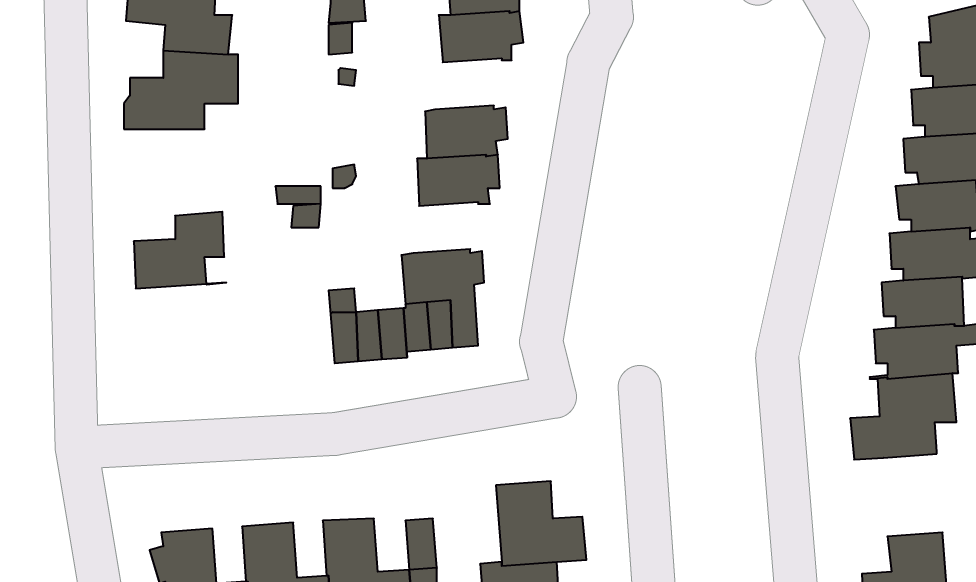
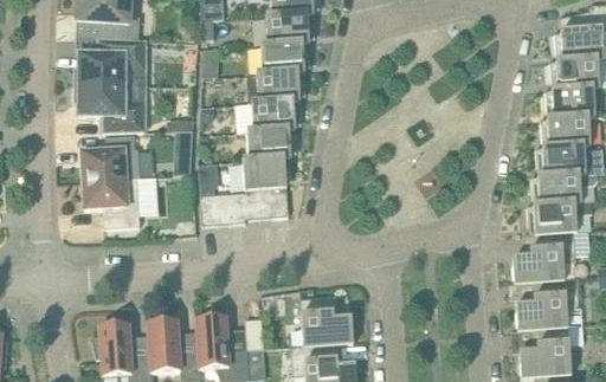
building: none -> [262,41,311,72]
building: none -> [76,84,144,131]
building: none -> [247,128,297,158]
building: none -> [83,176,140,227]
building: none -> [516,277,580,330]

